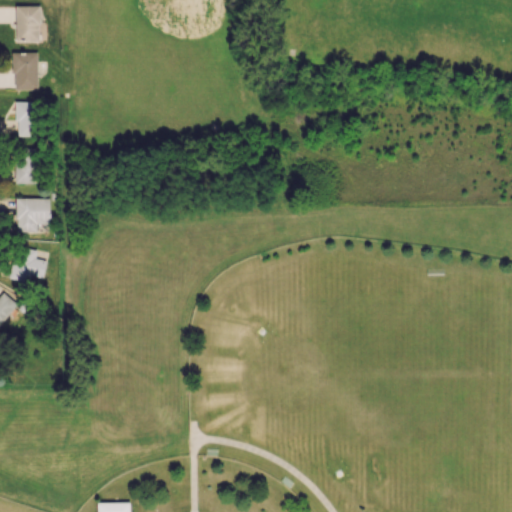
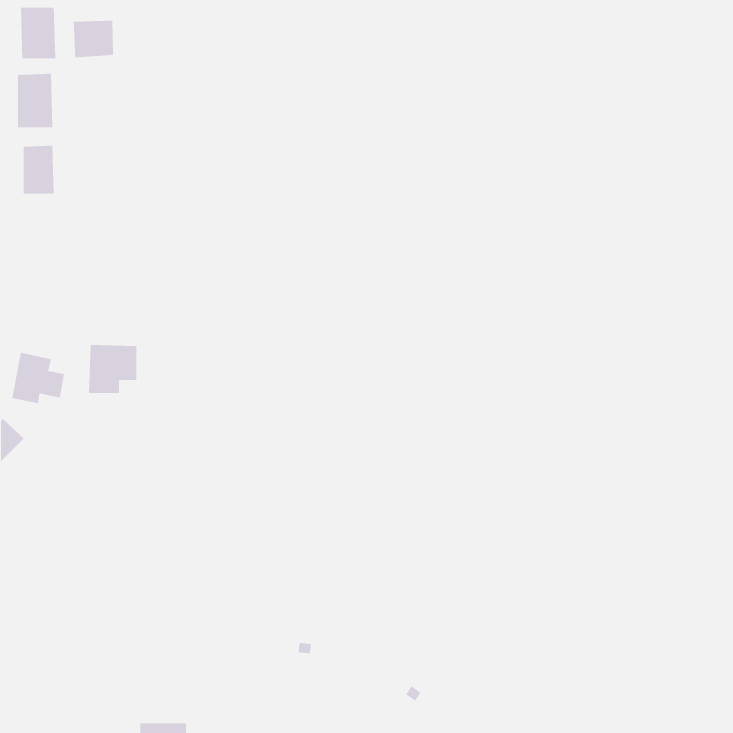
building: none -> [73,20,113,58]
building: [15,149,38,184] -> none
building: [15,198,49,232] -> [88,345,137,393]

